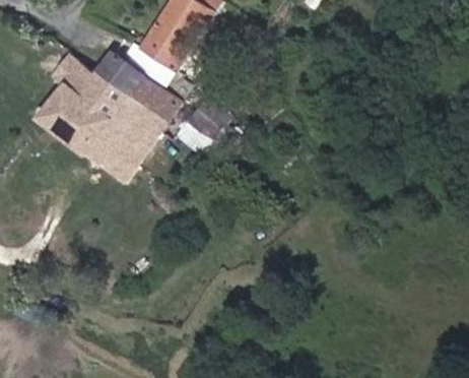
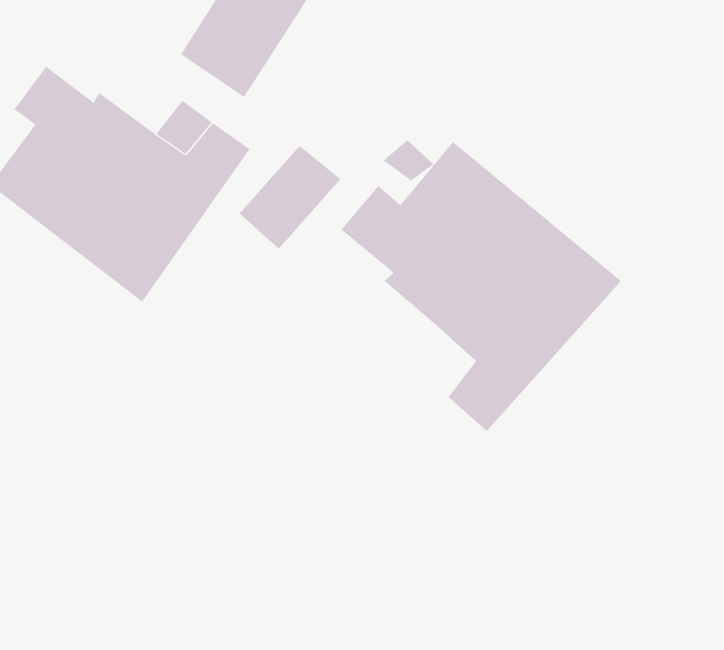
building: [96,51,141,90] -> none
building: none -> [341,141,622,432]

